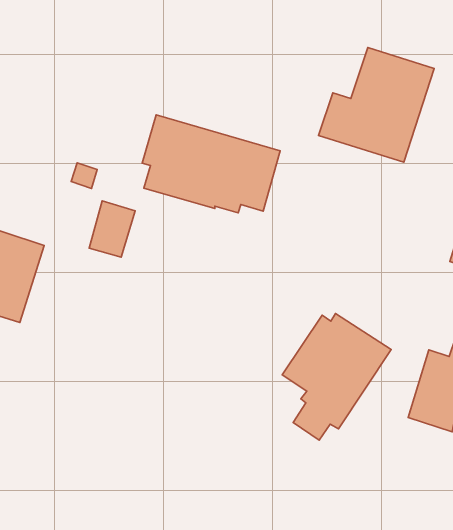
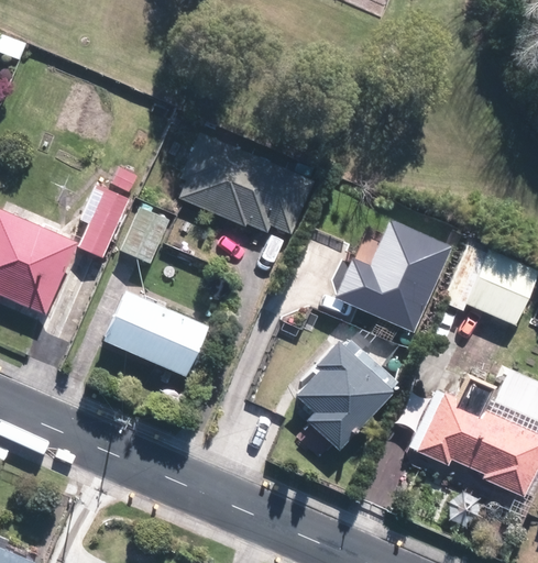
building: [318,48,434,162] -> [333,218,452,332]
building: none -> [79,184,128,256]
building: none -> [105,290,208,376]

